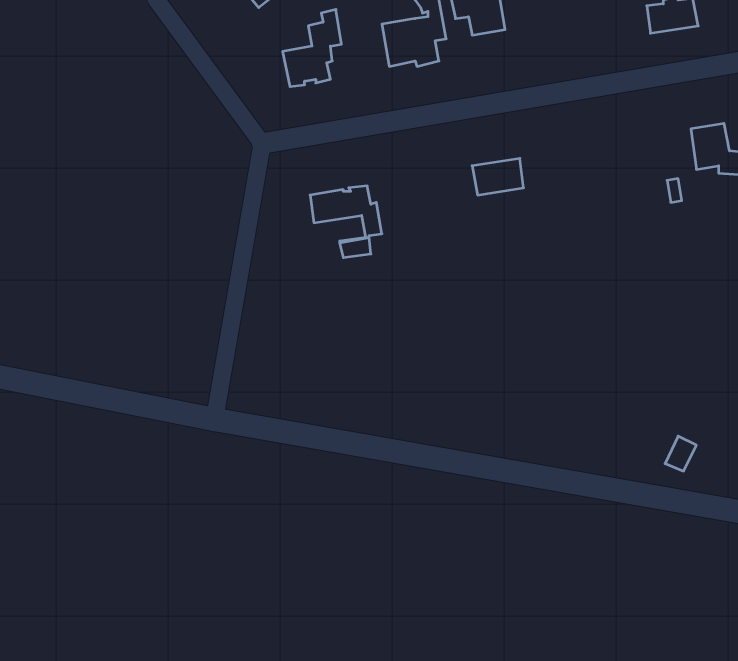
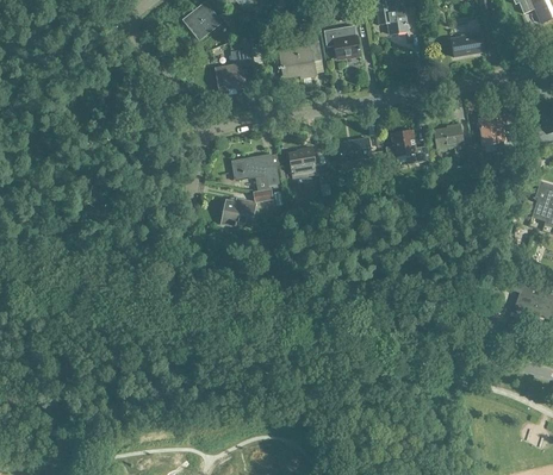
building: none -> [434,123,464,149]
building: none -> [385,130,429,163]
building: none -> [288,148,330,194]
building: none -> [220,200,255,226]

